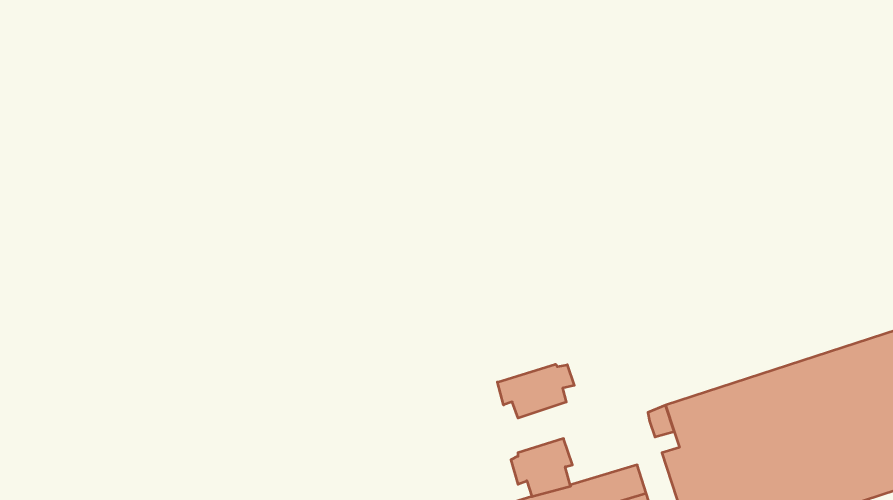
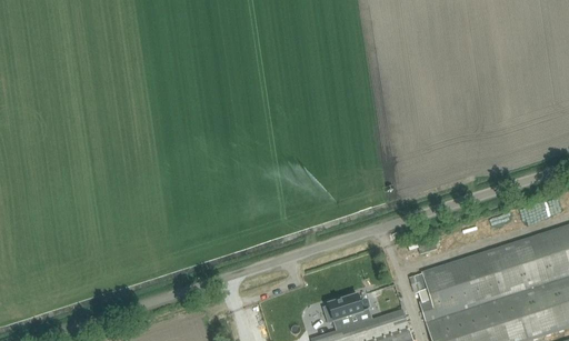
building: [497,364,574,418] -> none

